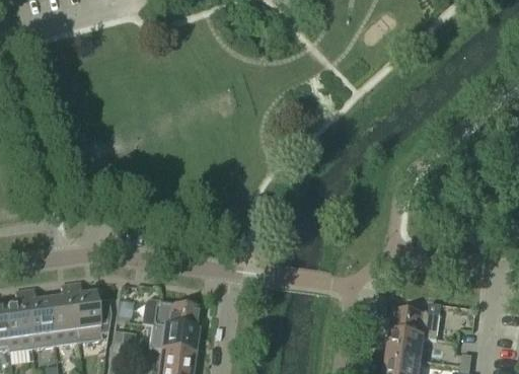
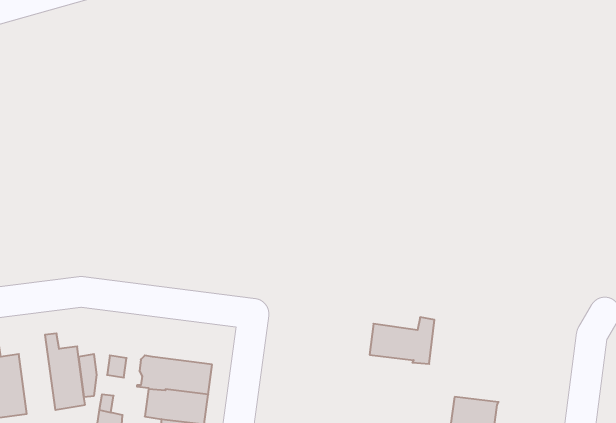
building: [50,282,78,344] -> none
building: [390,301,441,338] -> [370,317,434,364]

